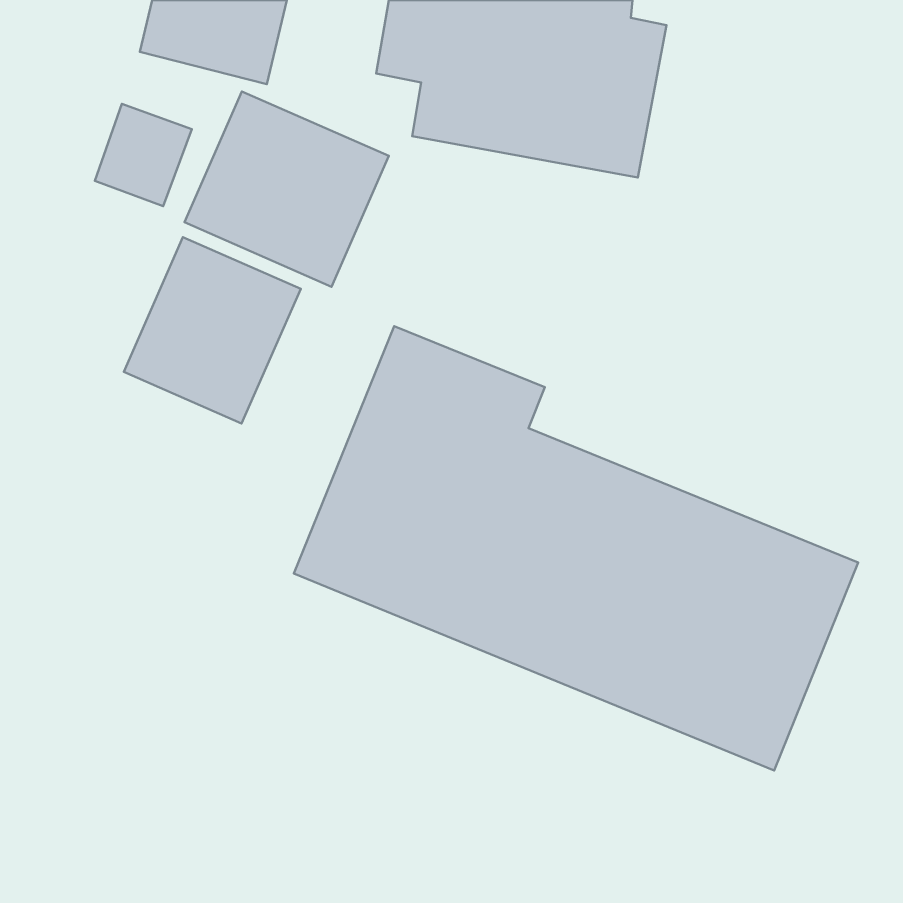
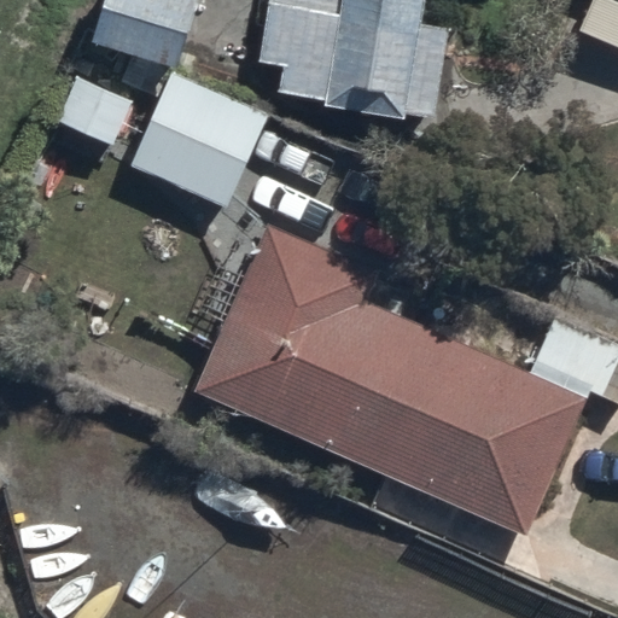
building: [124,237,301,423] -> none

